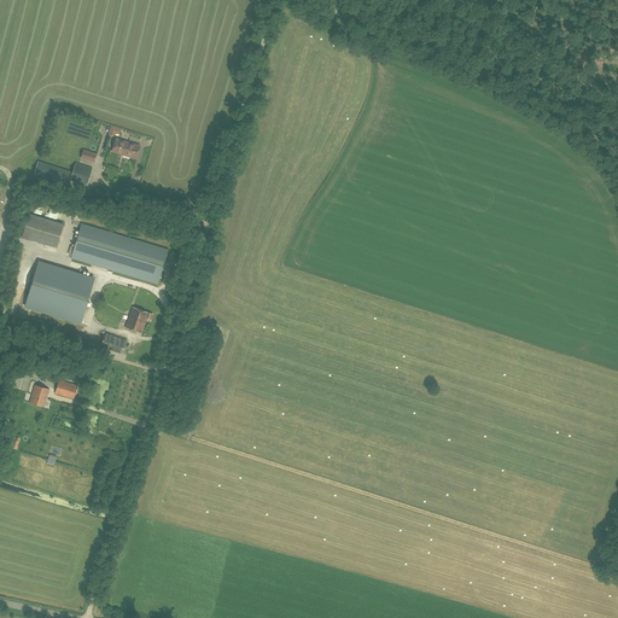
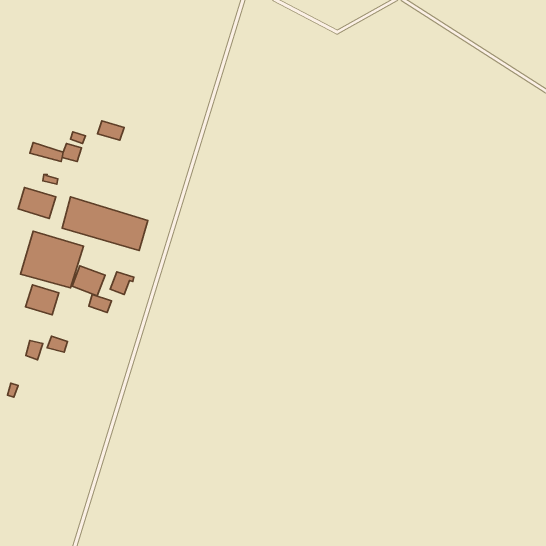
building: none -> [72,266,105,296]
building: none -> [26,285,59,315]

